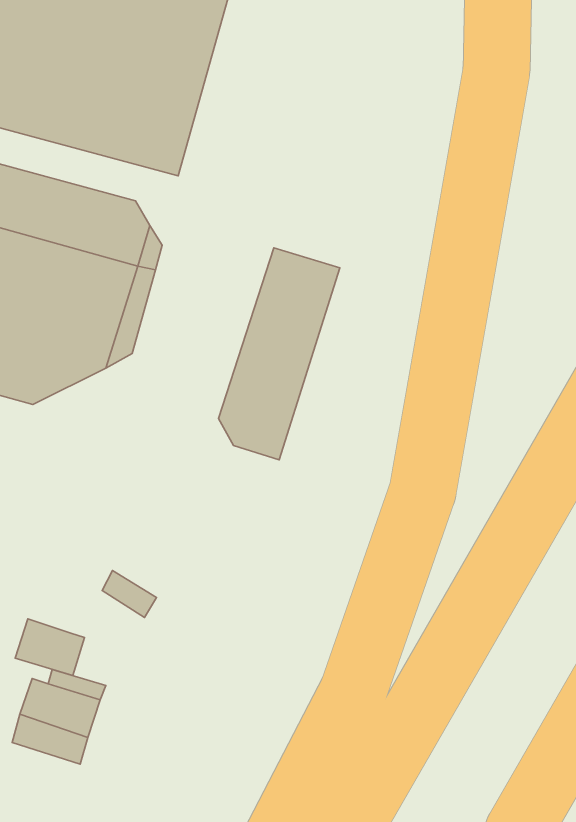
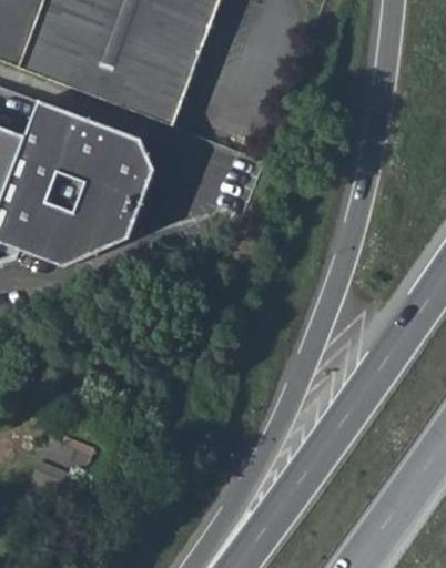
building: [218,248,340,460] -> none
building: [15,619,85,676] -> none

